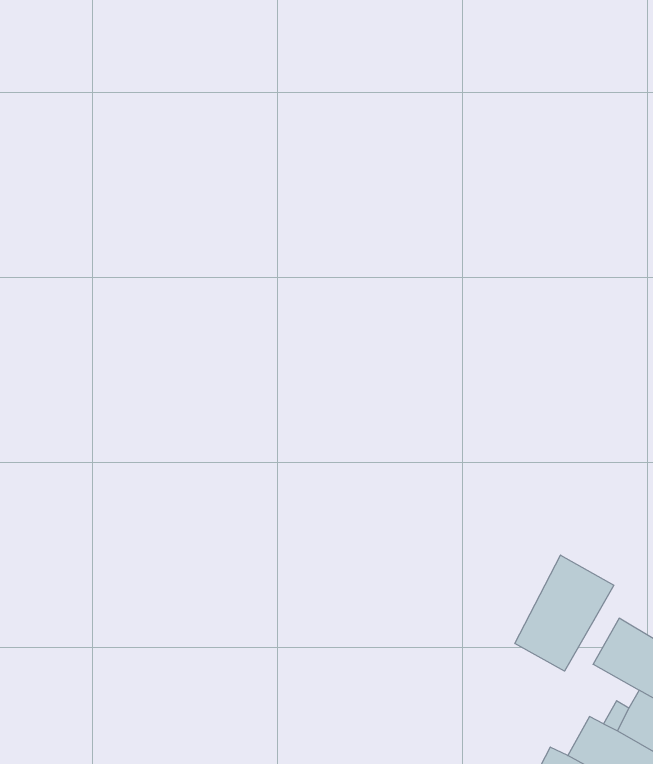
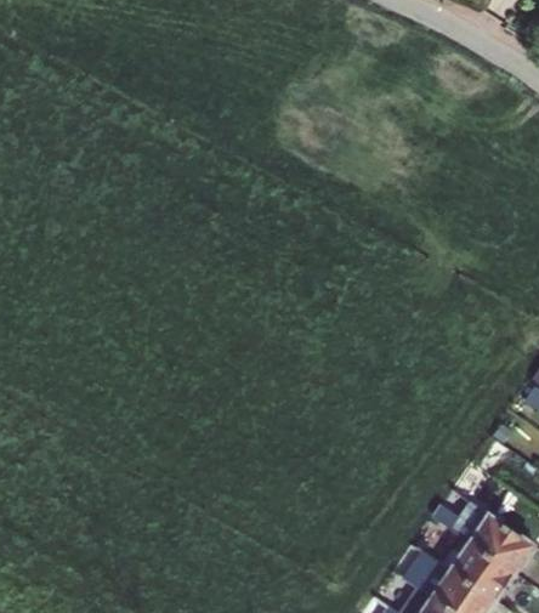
building: [515,555,614,671] -> none

